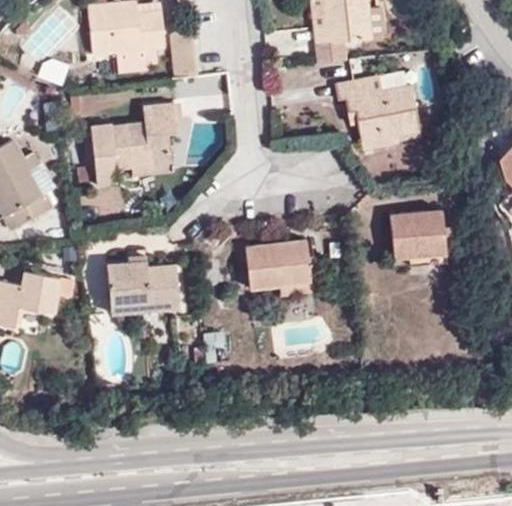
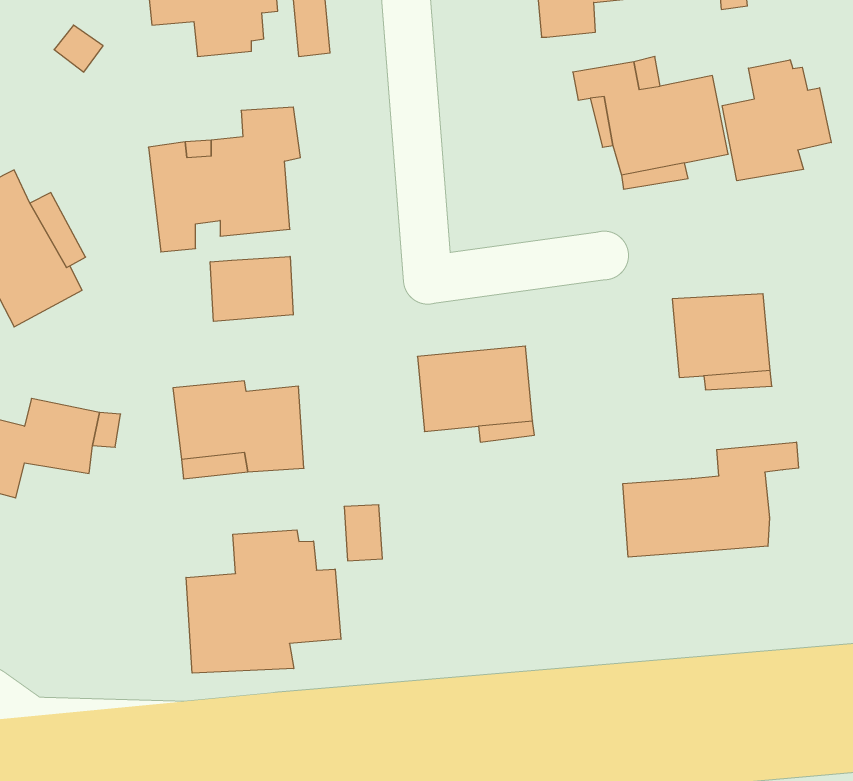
building: none -> [722,60,831,181]
building: none -> [210,256,293,321]
building: none -> [623,442,799,557]
building: none -> [186,530,341,673]

